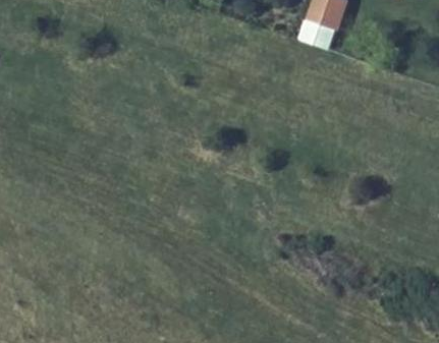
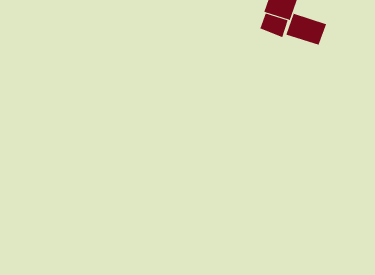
building: none -> [286,13,327,45]

